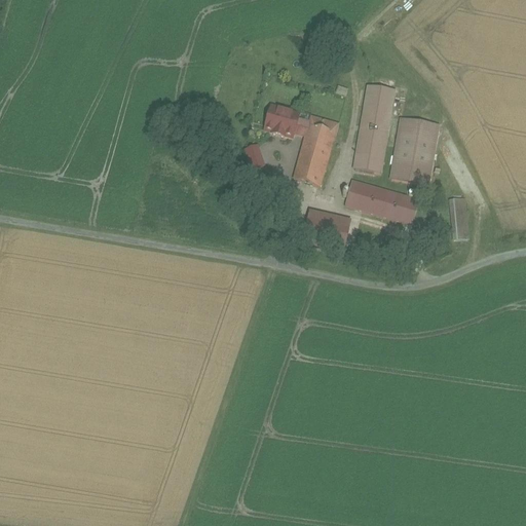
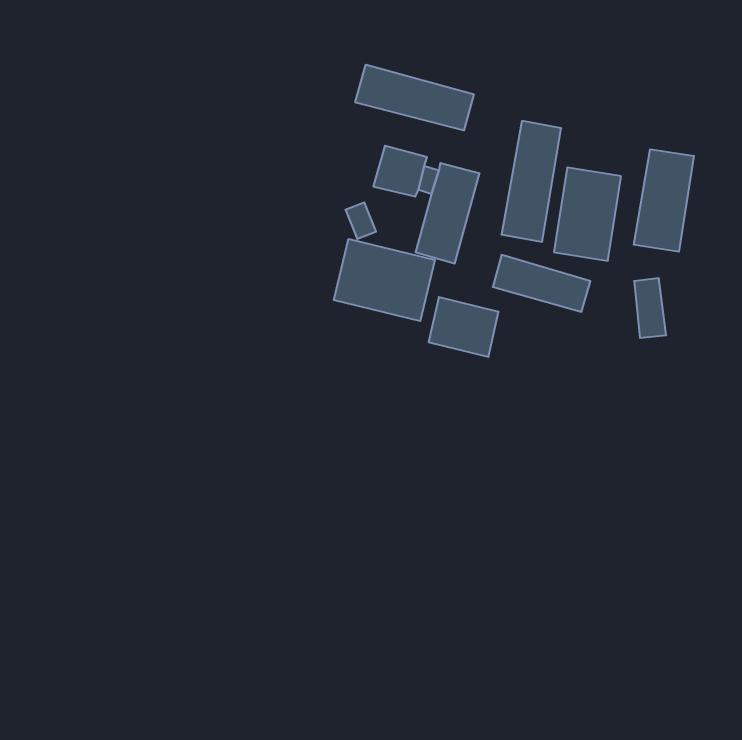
building: none -> [355,65,474,131]
building: none -> [634,149,694,252]
building: none -> [334,239,435,321]

